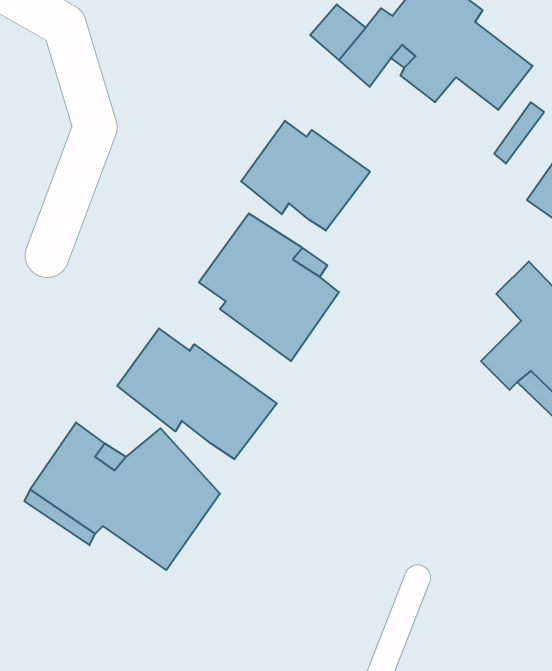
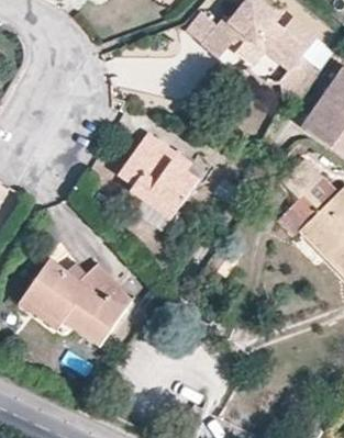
building: [241,121,370,231] -> none
building: [117,328,277,459] -> none

